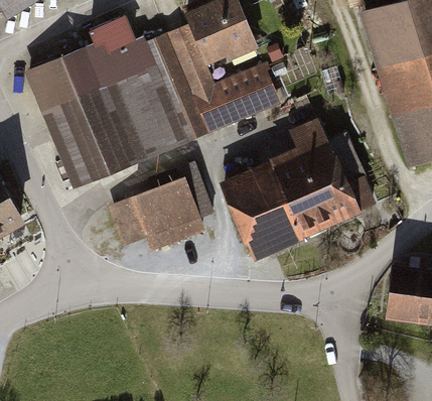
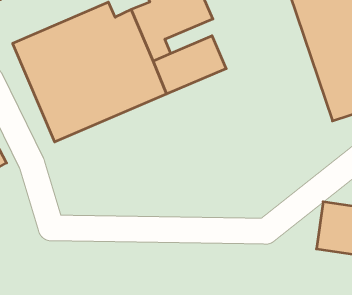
building: [221,116,380,257] -> none
building: [108,171,212,254] -> none

